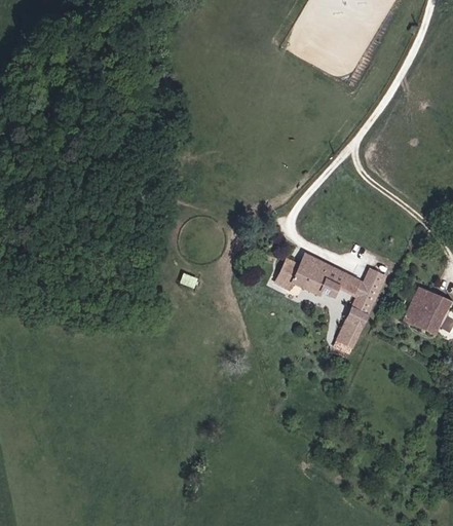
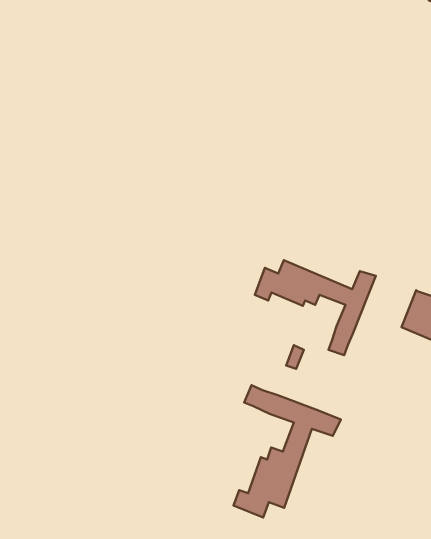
building: none -> [233,385,341,518]

